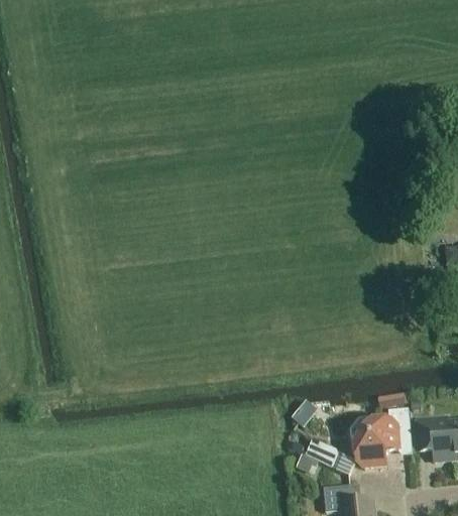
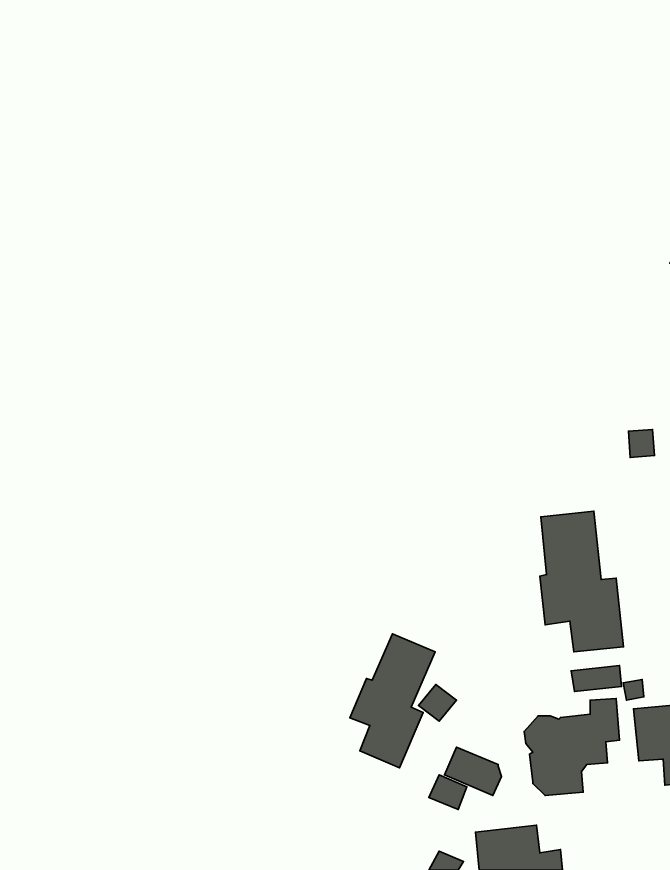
building: none -> [540,511,623,652]
building: none -> [350,634,435,768]

